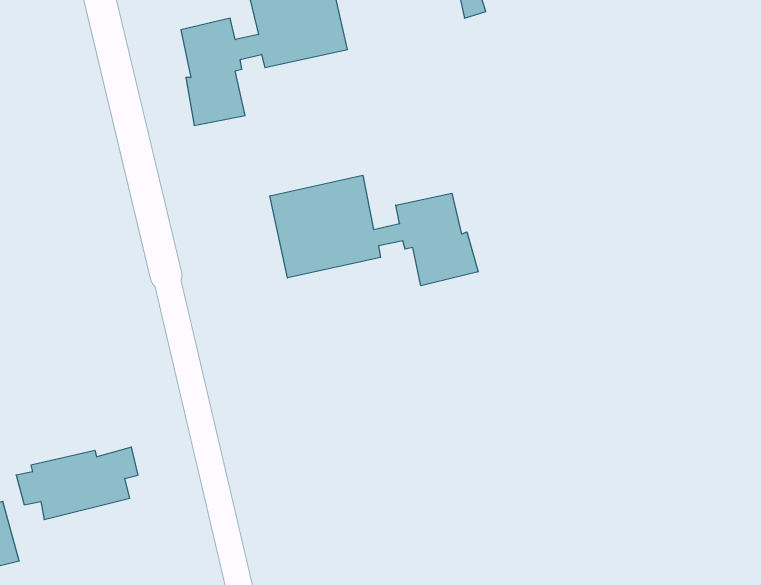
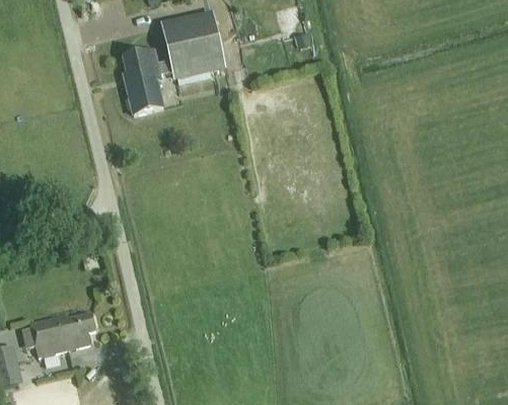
building: [270,175,478,286] -> none

